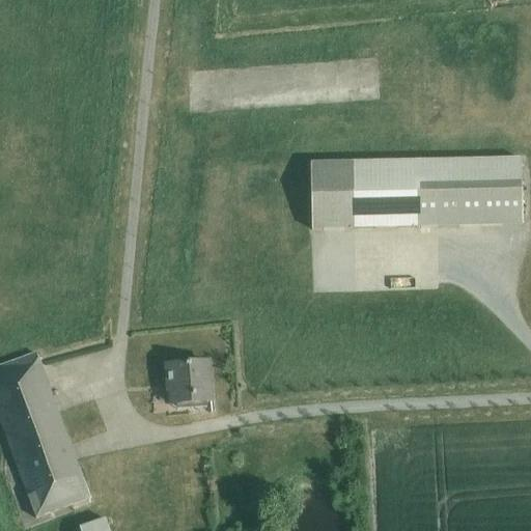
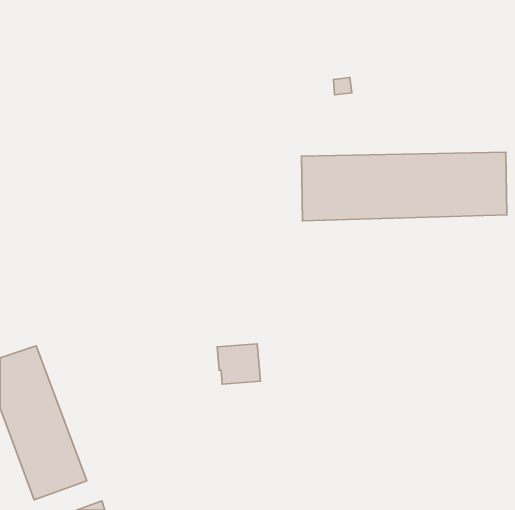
building: [166,360,211,401] -> [217,344,260,384]

